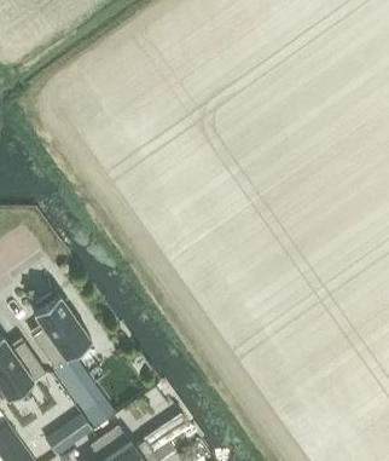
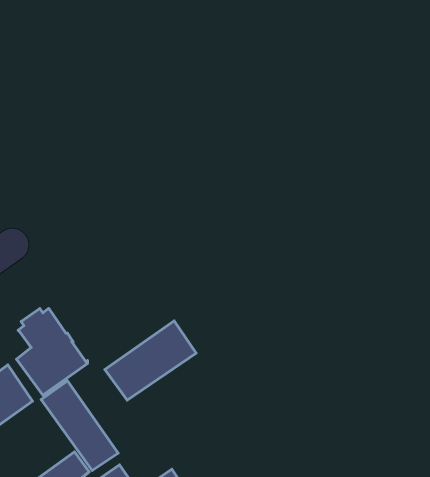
building: none -> [105,321,196,400]

